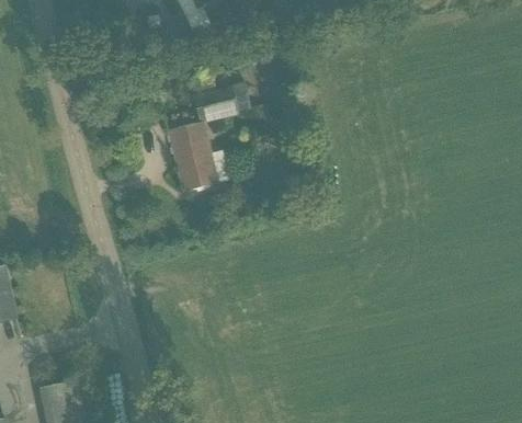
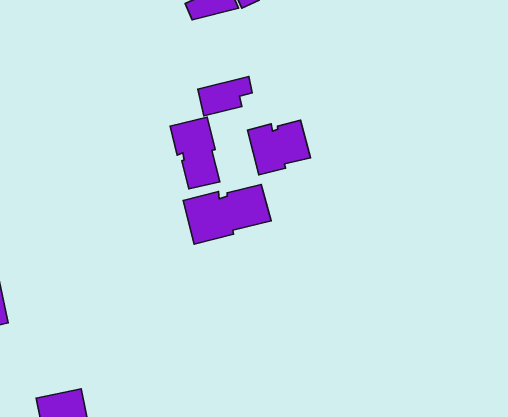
building: none -> [247,120,311,175]
building: none -> [183,185,271,244]

